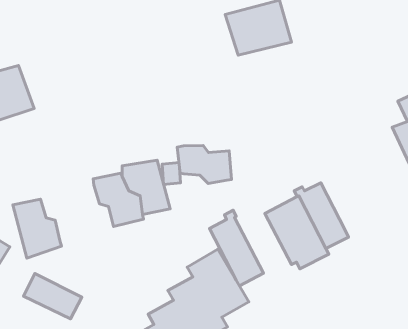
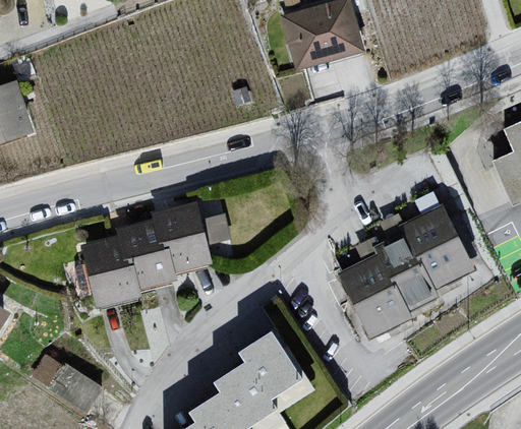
building: [177,145,232,184] -> none
building: none -> [398,202,472,295]
building: [13,199,62,258] -> [83,237,144,311]
building: [209,210,264,286] -> none

